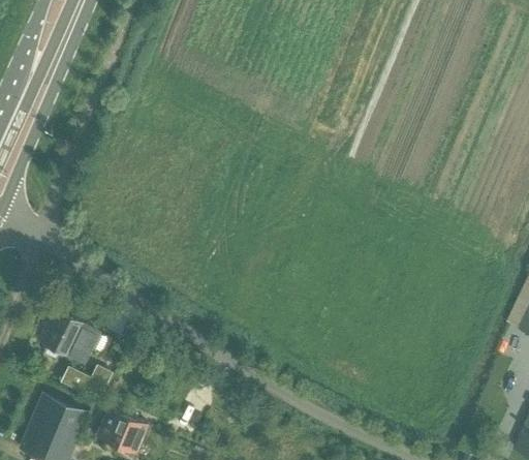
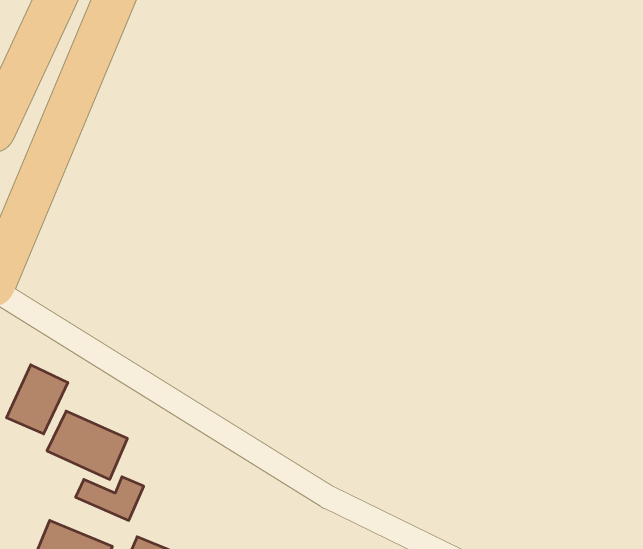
building: none -> [7,365,68,434]

